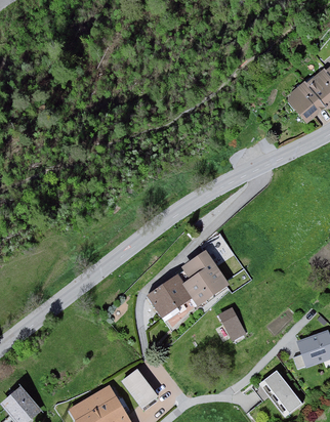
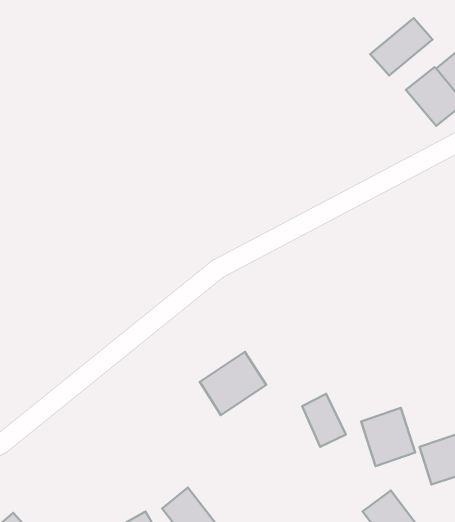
building: none -> [370,18,433,75]
building: [182,252,228,303] -> none
building: none -> [361,408,415,466]

